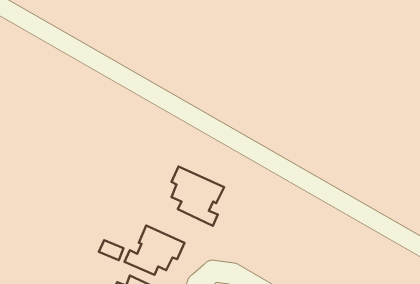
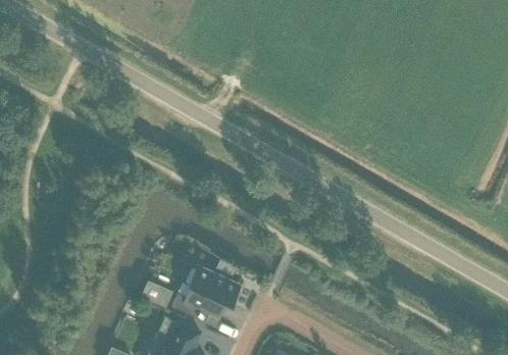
building: [171,166,224,226] -> none

